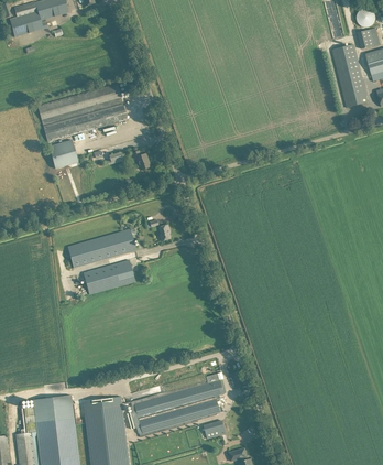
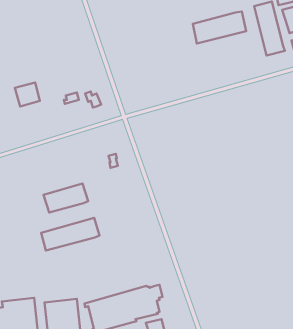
building: none -> [193,11,246,43]
building: [36,85,125,142] -> none
building: [66,229,135,268] -> [41,218,100,250]

